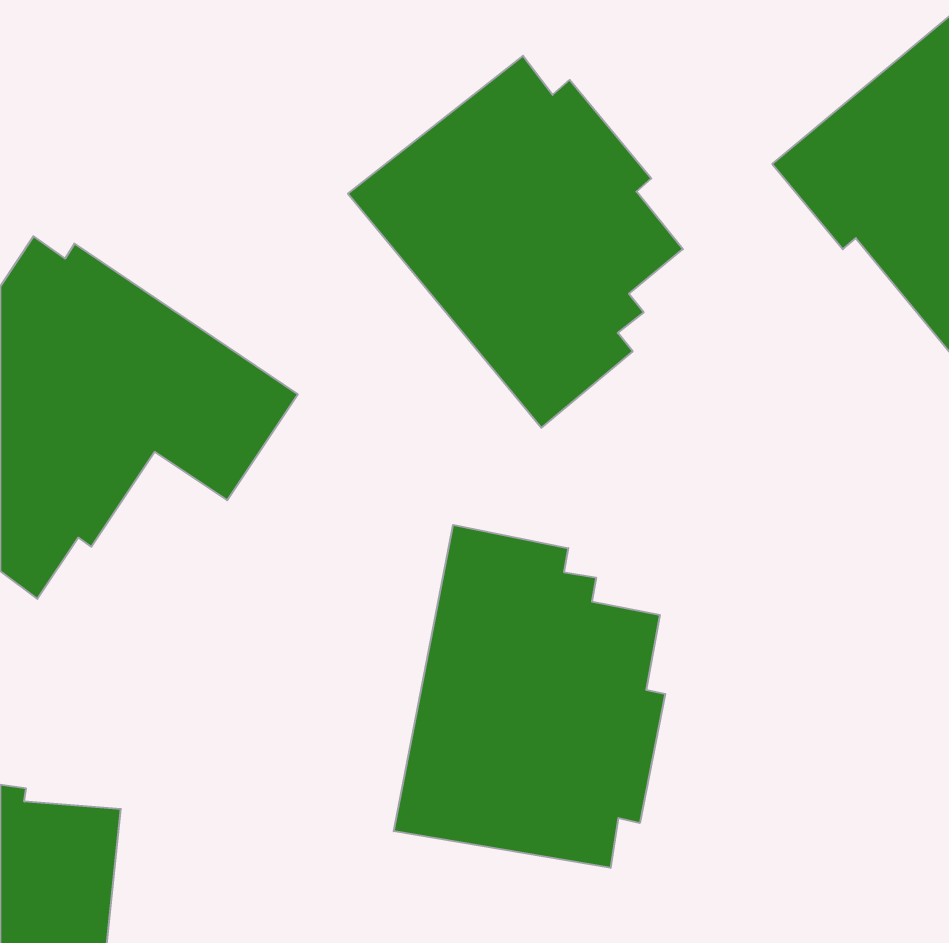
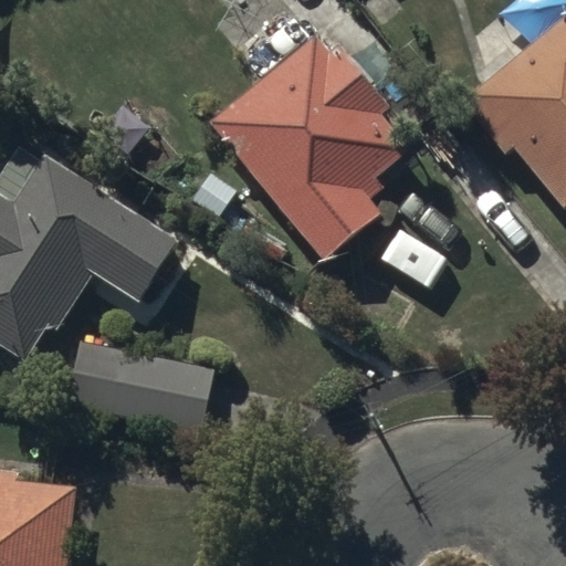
building: [394,525,665,868] -> none
building: none -> [63,343,212,433]

